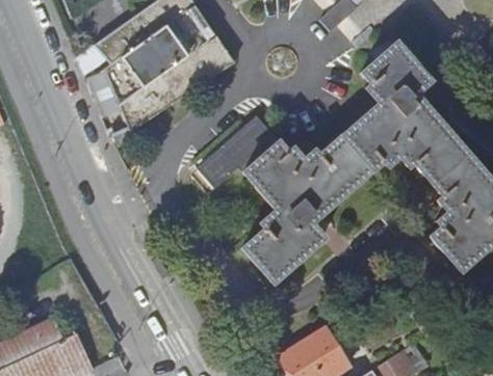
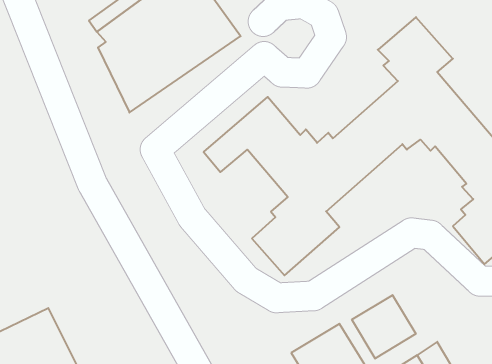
building: none -> [352,295,416,359]

